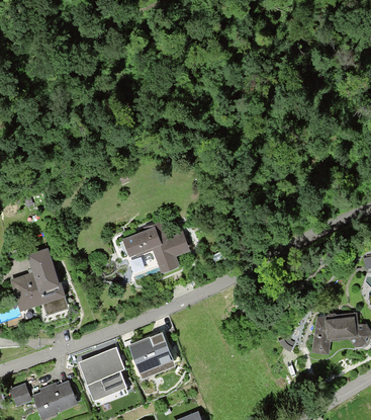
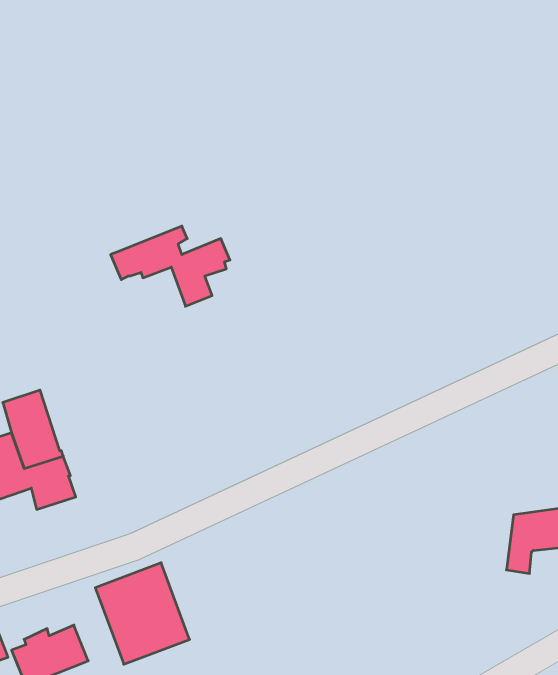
building: [118,226,186,271] -> [111,226,230,306]
building: [129,333,174,379] -> none

